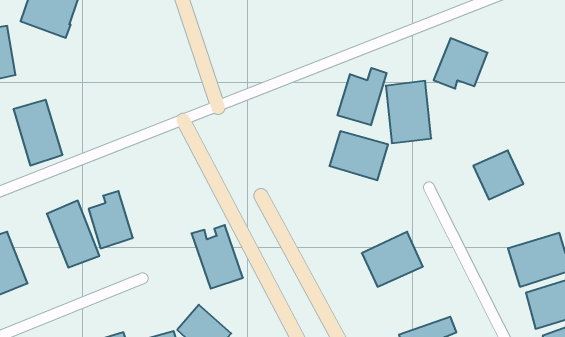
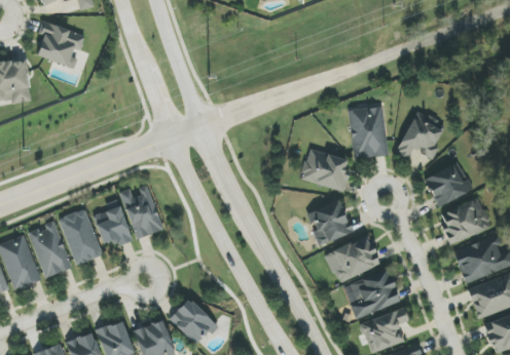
building: [434,38,488,89] -> [397,117,443,160]
building: [337,68,387,125] -> none
building: [13,100,63,166] -> [29,221,71,277]
building: none -> [307,199,353,244]
building: none -> [439,199,485,242]
building: [191,225,243,289] -> [119,184,163,238]
building: none -> [350,269,400,318]

